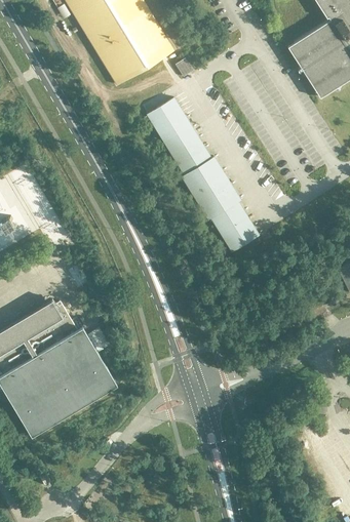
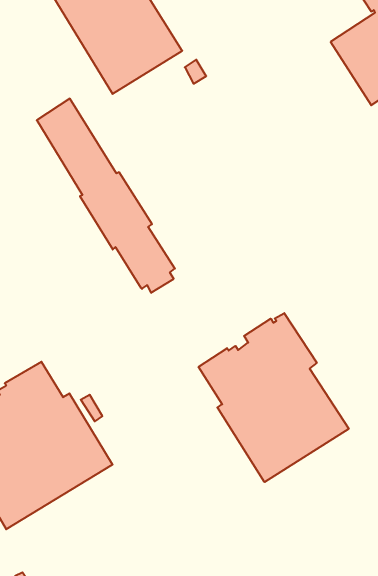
building: [147,96,259,253] -> [37,99,175,293]
building: none -> [199,313,349,482]

